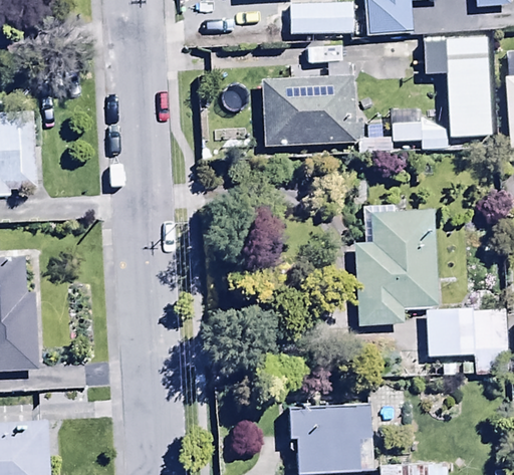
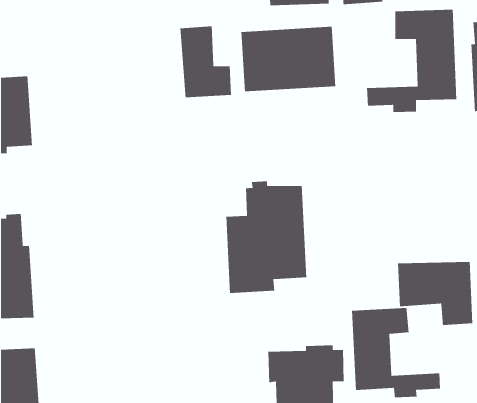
building: none -> [179,26,232,98]
building: [353,204,441,325] -> [225,180,307,294]
building: none -> [351,307,441,398]

